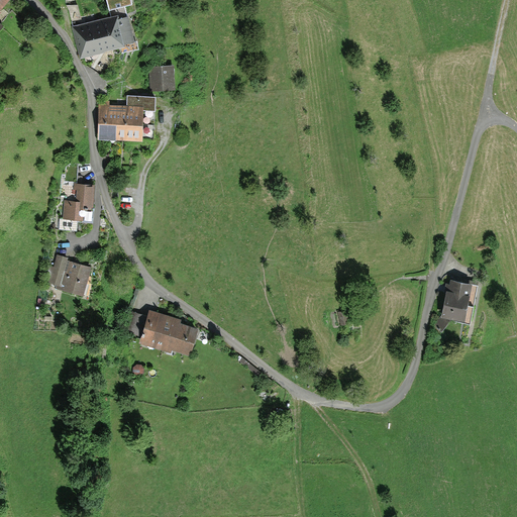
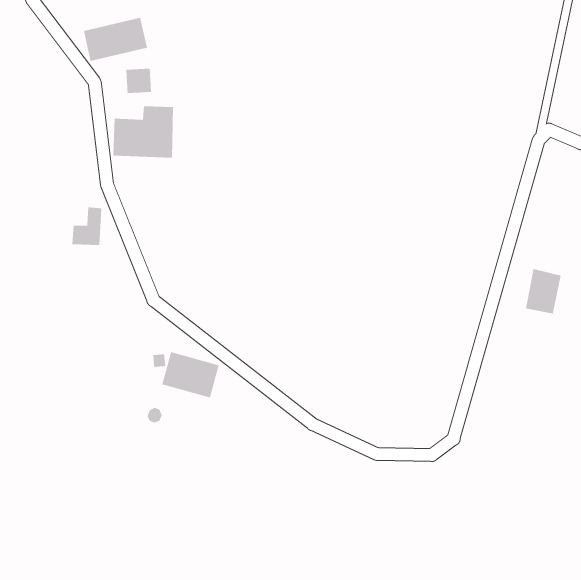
building: [149,65,173,87] -> [126,68,152,93]
building: [50,260,87,293] -> none
building: [443,282,476,322] -> [525,269,561,314]

